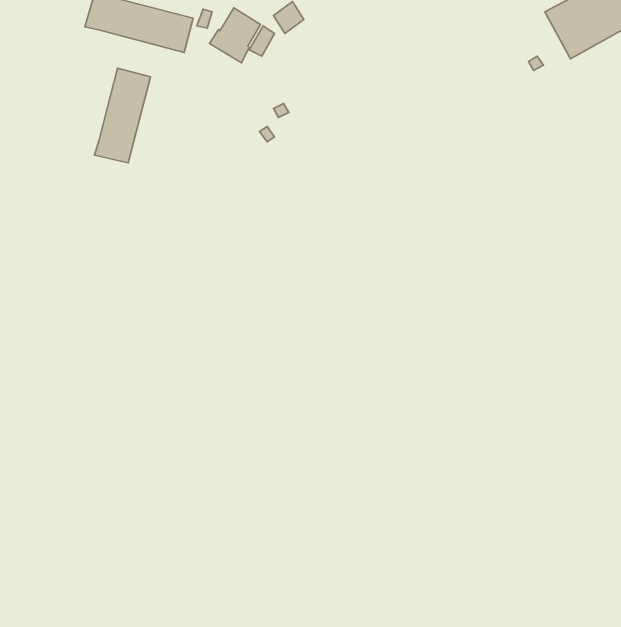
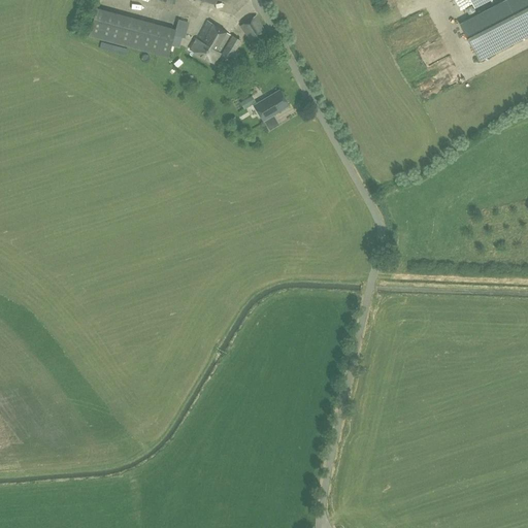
building: [95,68,150,163] -> none
building: none -> [255,91,288,119]

